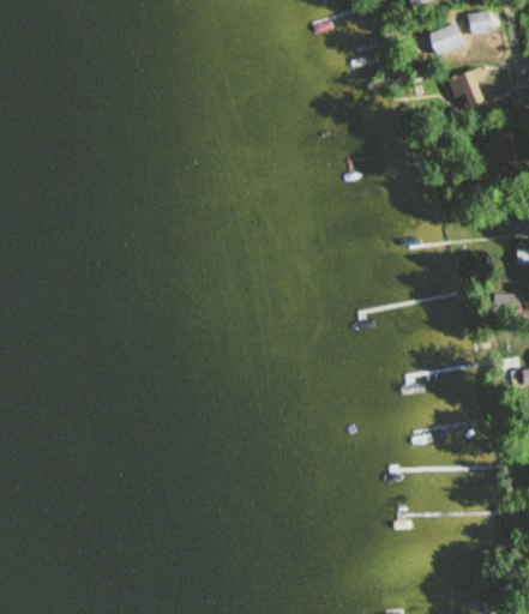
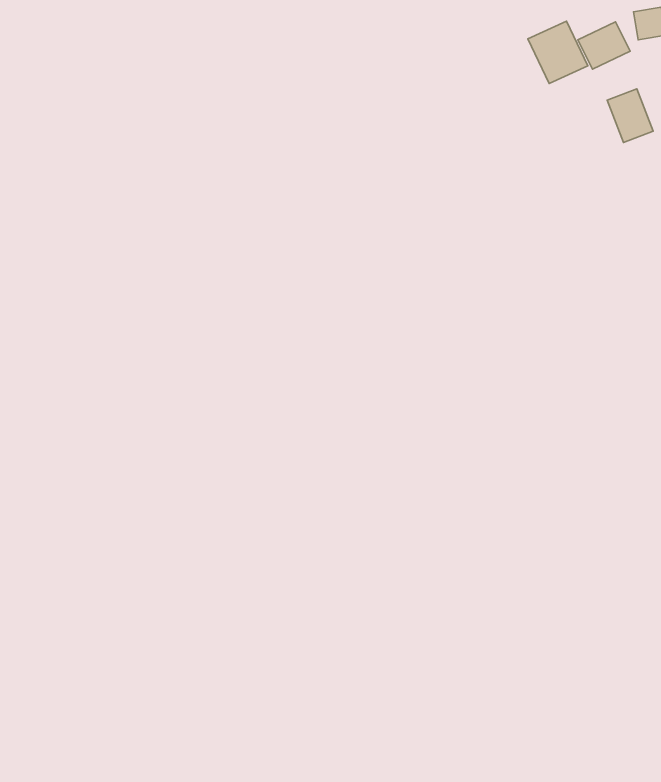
building: none -> [528,21,588,83]

